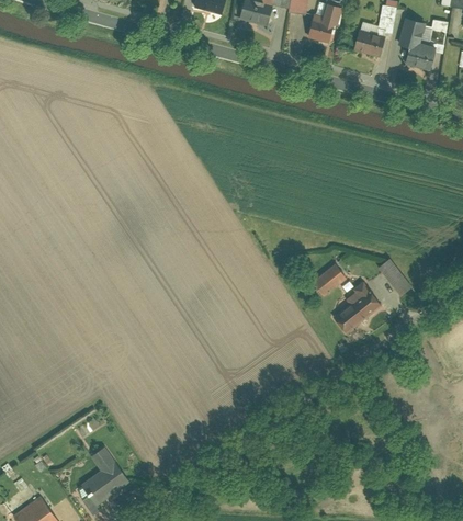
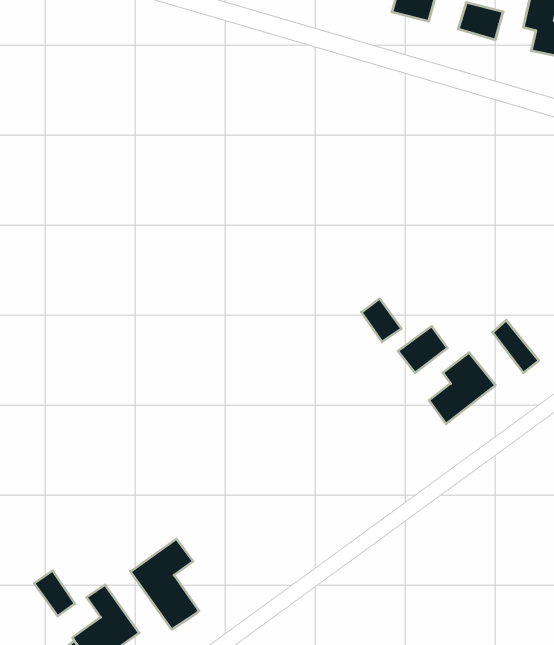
building: none -> [361,299,401,342]
building: none -> [130,539,199,629]
building: none -> [34,571,75,616]

